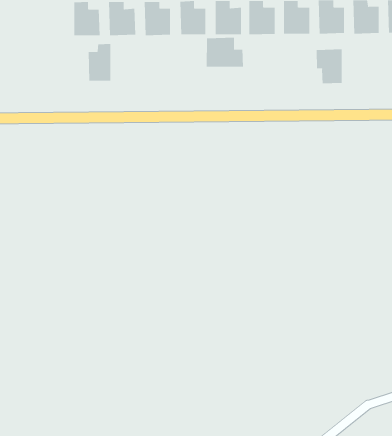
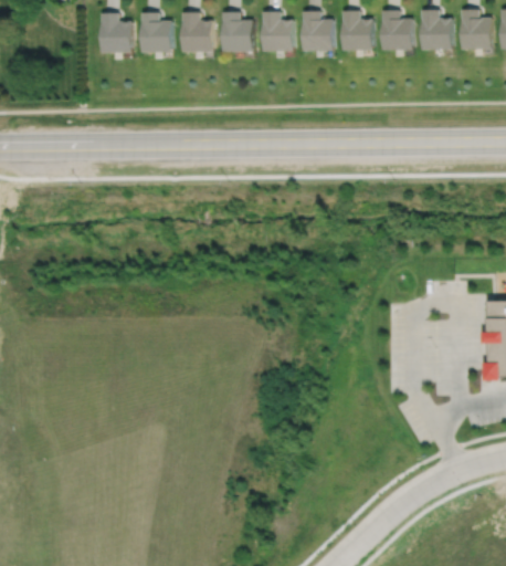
building: [206,37,243,67] -> none
building: [88,43,111,81] -> none
building: [316,49,342,84] -> none

